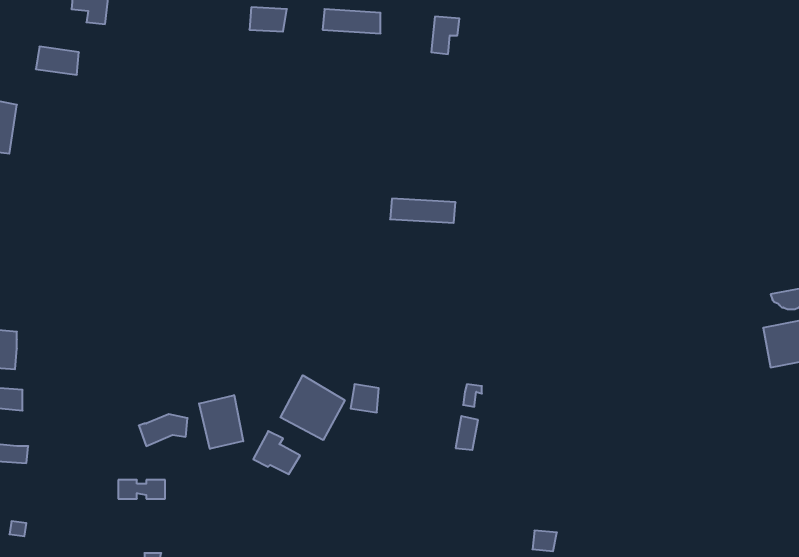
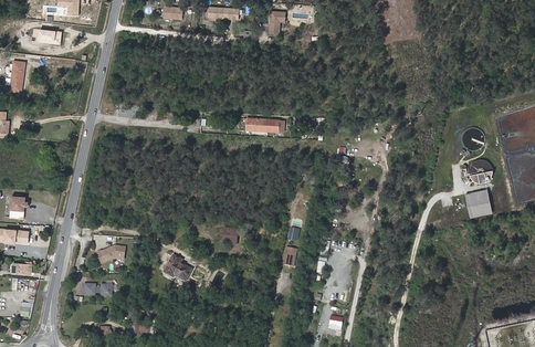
building: [280,375,345,440] -> none
building: [199,395,243,449] -> none

